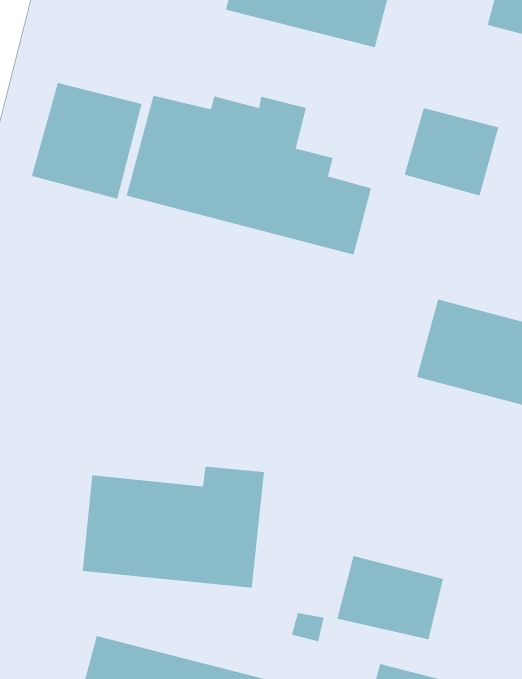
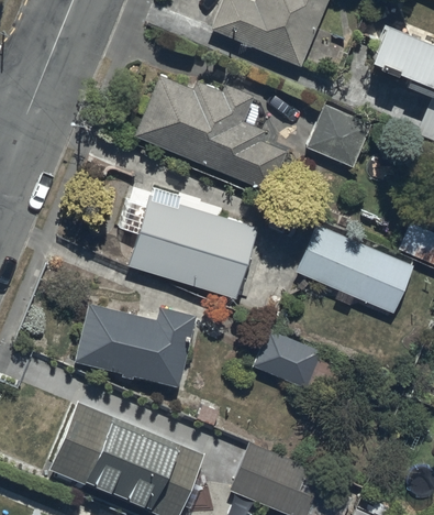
building: [31,82,142,199] -> none
building: none -> [130,196,257,298]
building: [337,556,444,640] -> [253,330,322,388]

